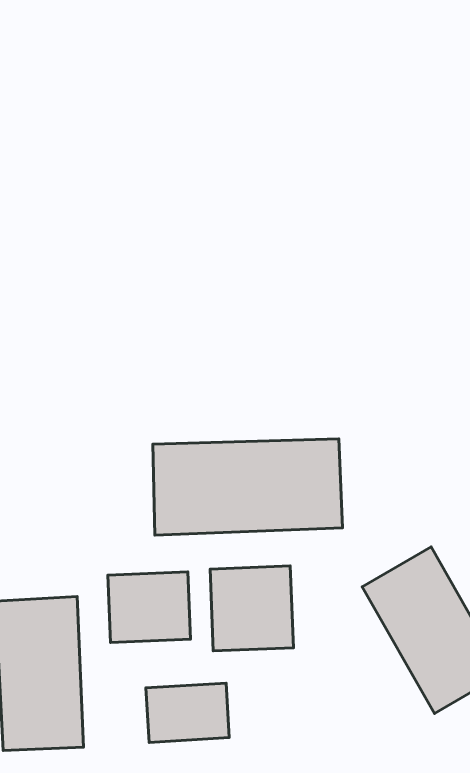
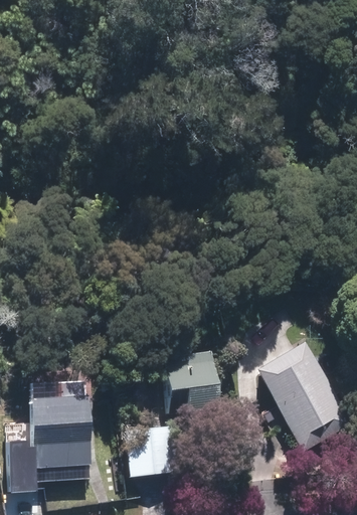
building: [153,439,342,535] -> none
building: [108,572,190,642] -> none

